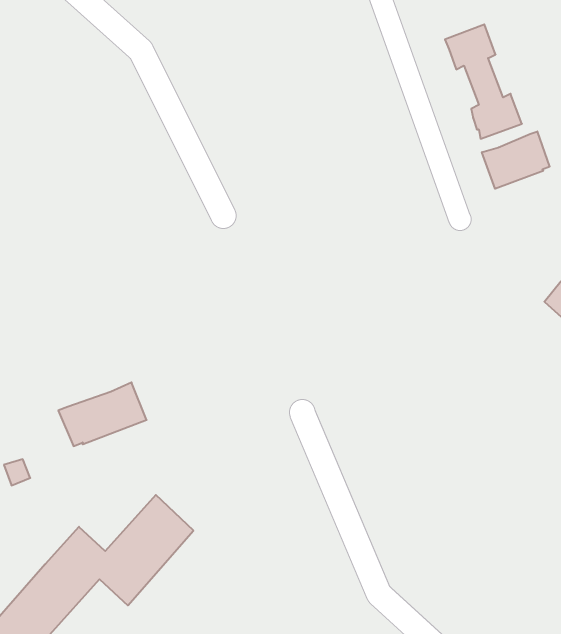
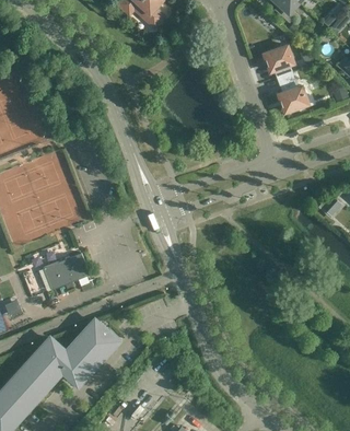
building: [482,131,550,189] -> none

